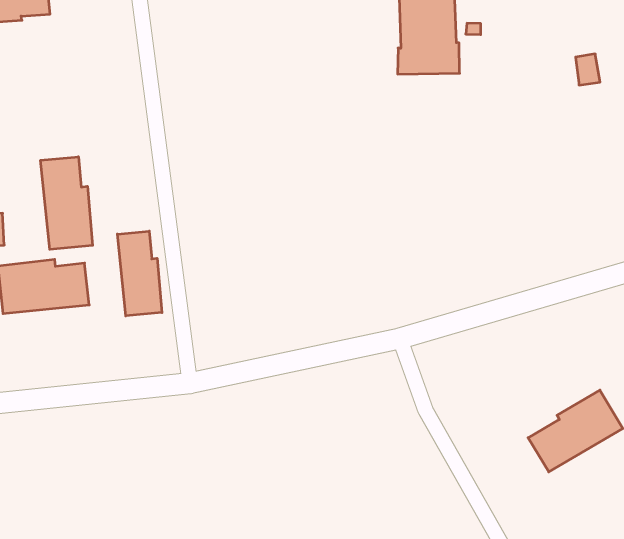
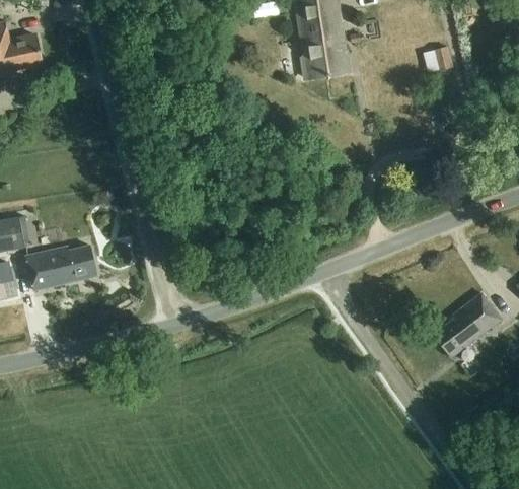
building: [41,157,93,249] -> none
building: [117,231,162,316] -> none

